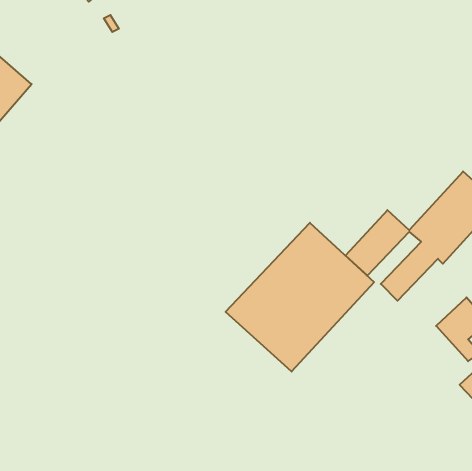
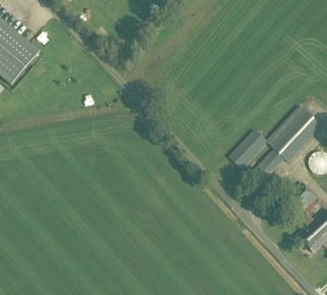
building: [226,223,374,372] -> none

